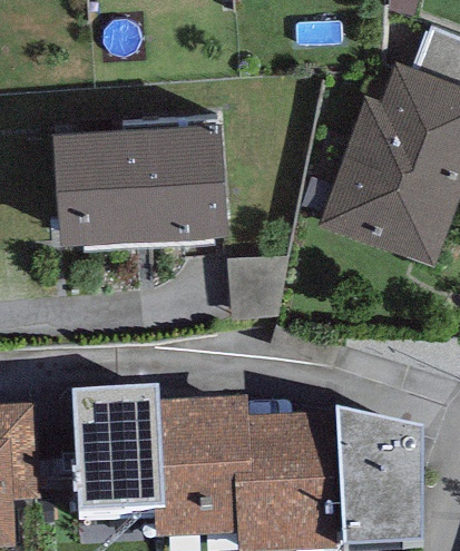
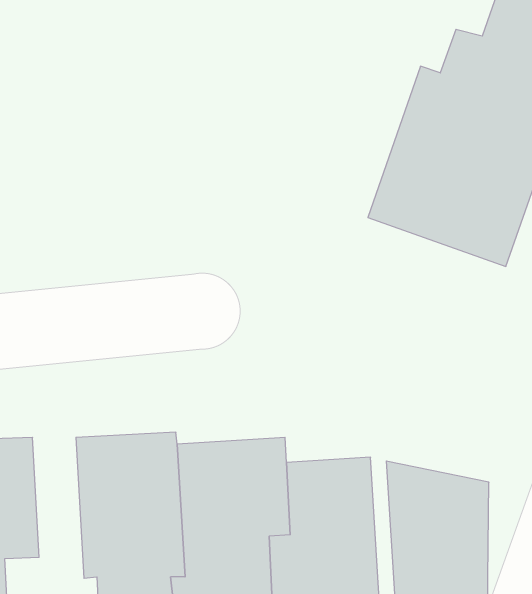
building: [56,120,224,238] -> none

